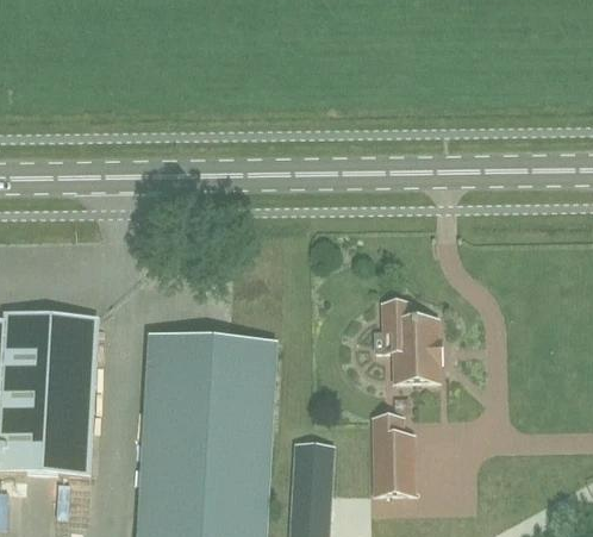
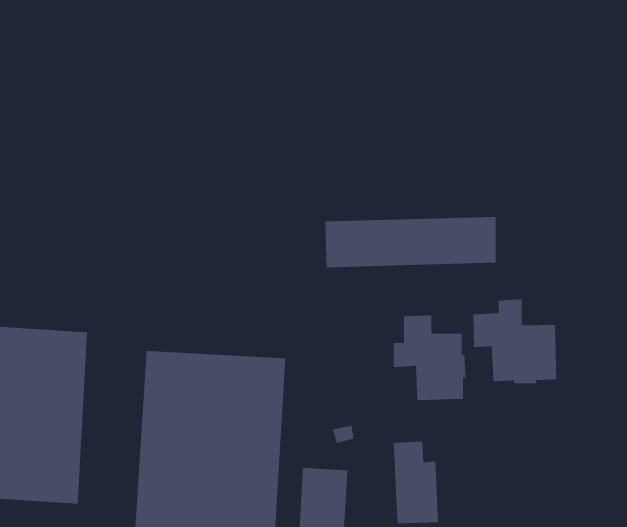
building: none -> [325,216,496,268]
building: none -> [473,299,557,384]

